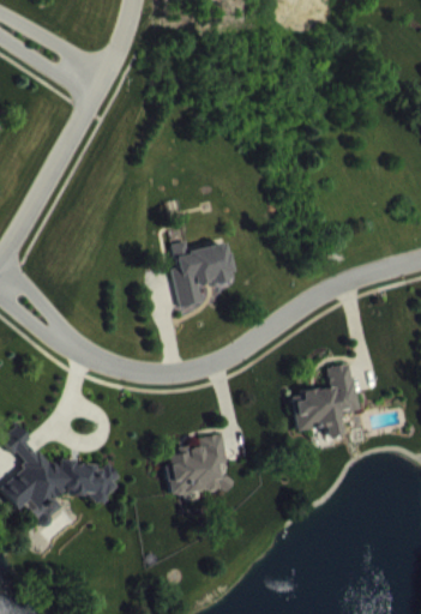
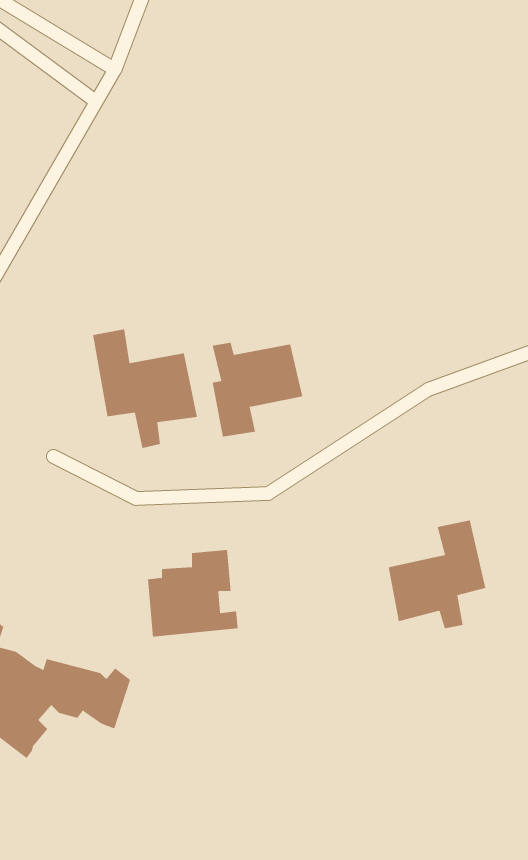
building: none -> [92,328,197,449]
building: [168,434,230,494] -> [147,549,239,637]

